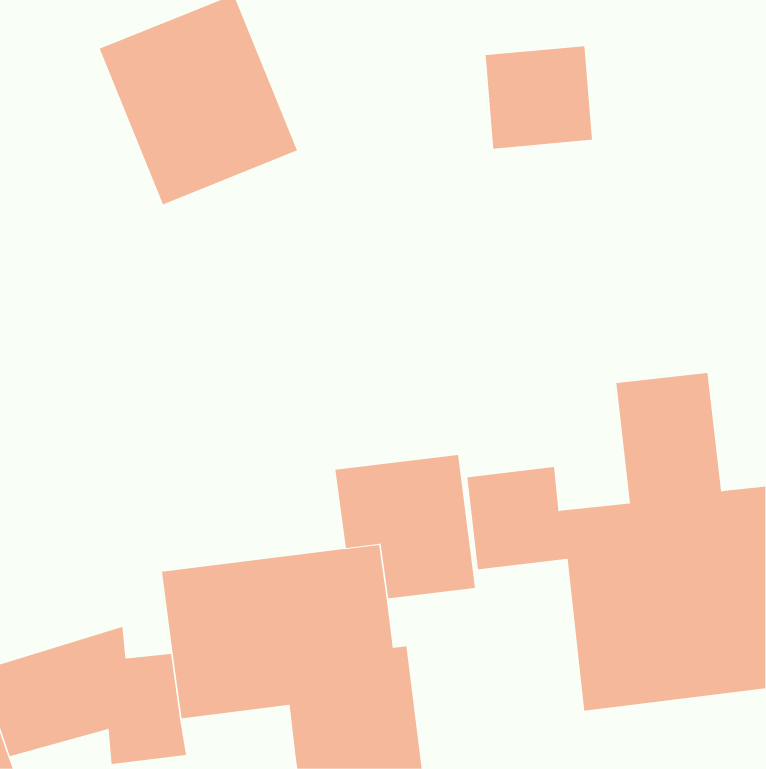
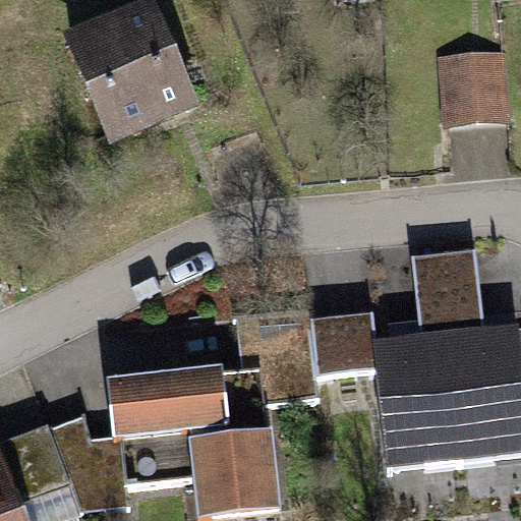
building: [485,46,593,149] -> [435,53,507,122]

